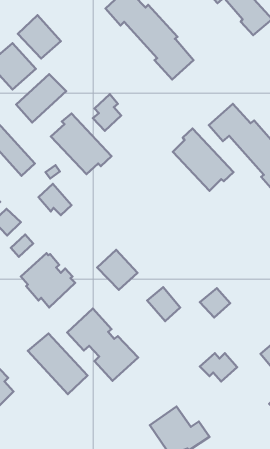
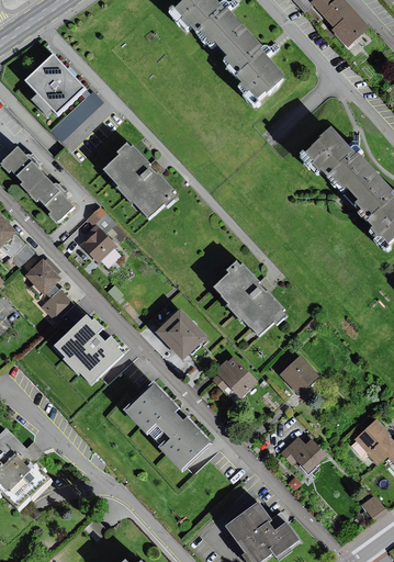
building: [18,15,61,58] -> none
building: [93,94,121,131] -> none
building: [173,129,234,191] -> [209,257,283,334]
building: [28,333,87,394] -> none

